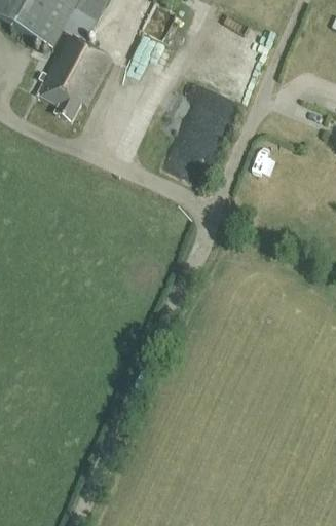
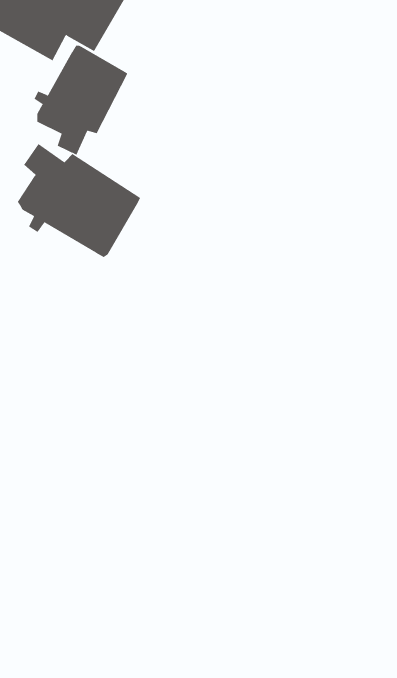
building: none -> [17,143,141,258]

